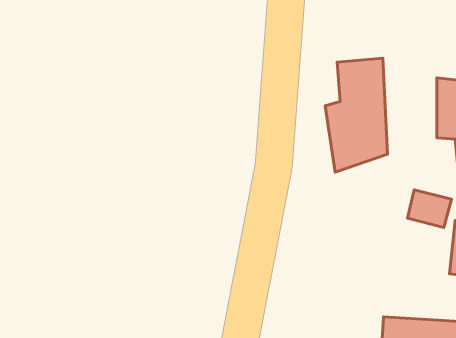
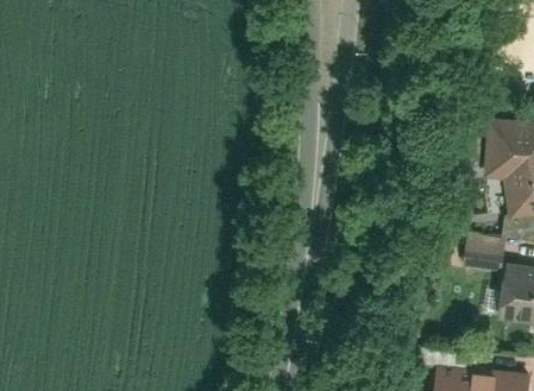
building: [325,58,387,172] -> none

